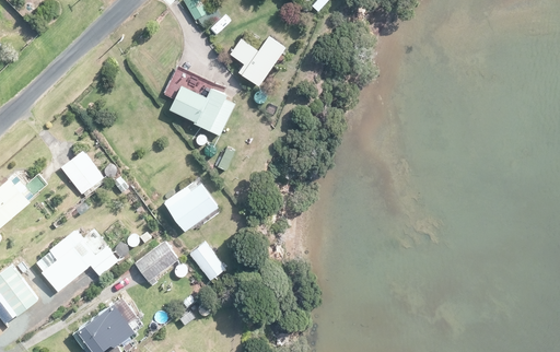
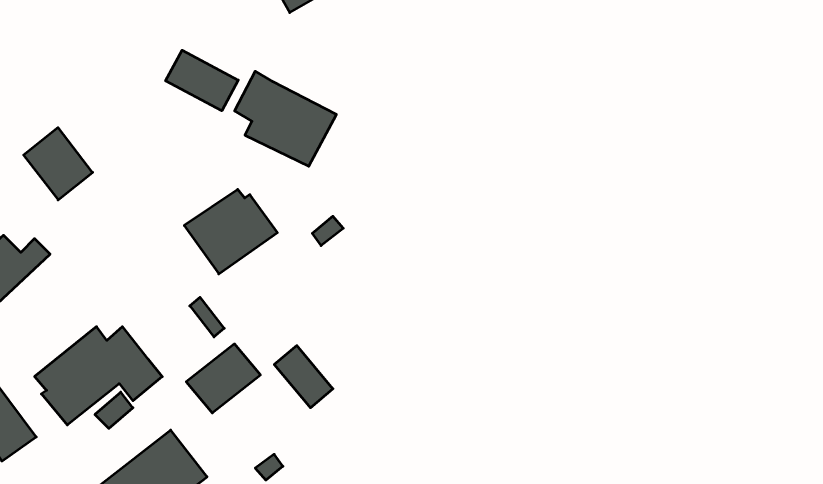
building: [226,36,287,87] -> none
building: none -> [166,50,238,111]
building: [60,150,104,196] -> [24,128,93,200]
building: [162,179,221,233] -> [184,189,277,274]

